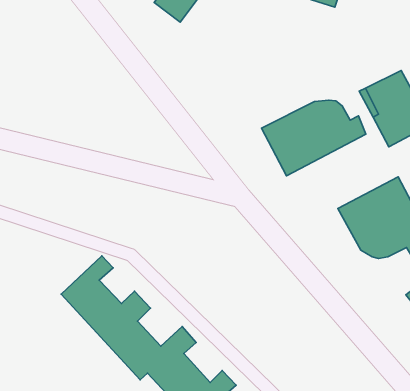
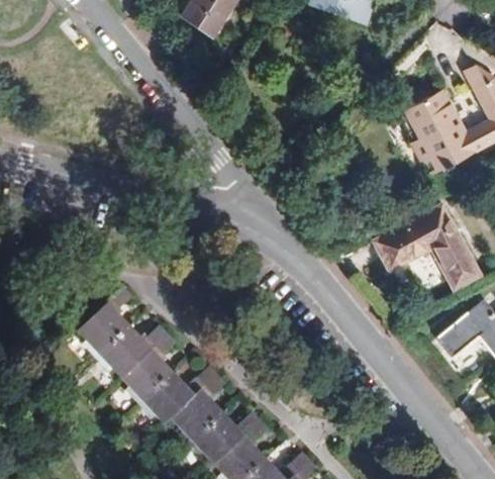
building: [262,100,366,176] -> none

